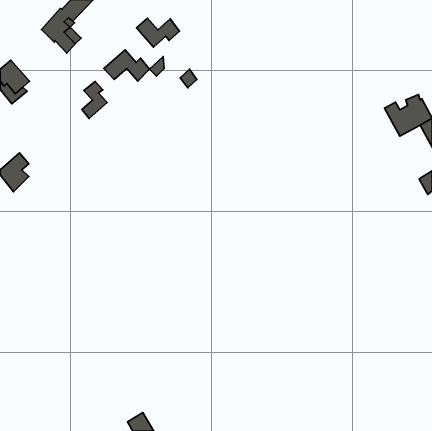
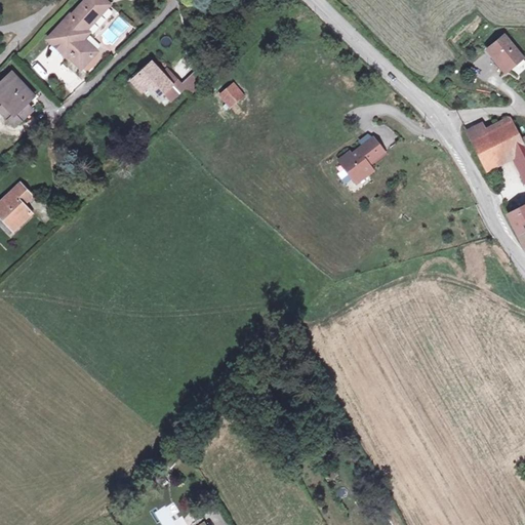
building: [136,18,179,47] -> none
building: none -> [484,33,520,69]
building: [82,81,107,119] -> none
building: none -> [330,139,375,185]

